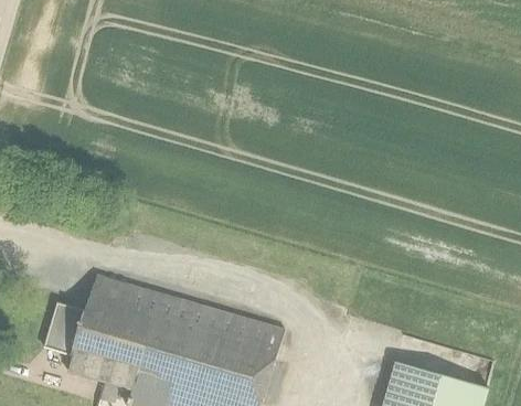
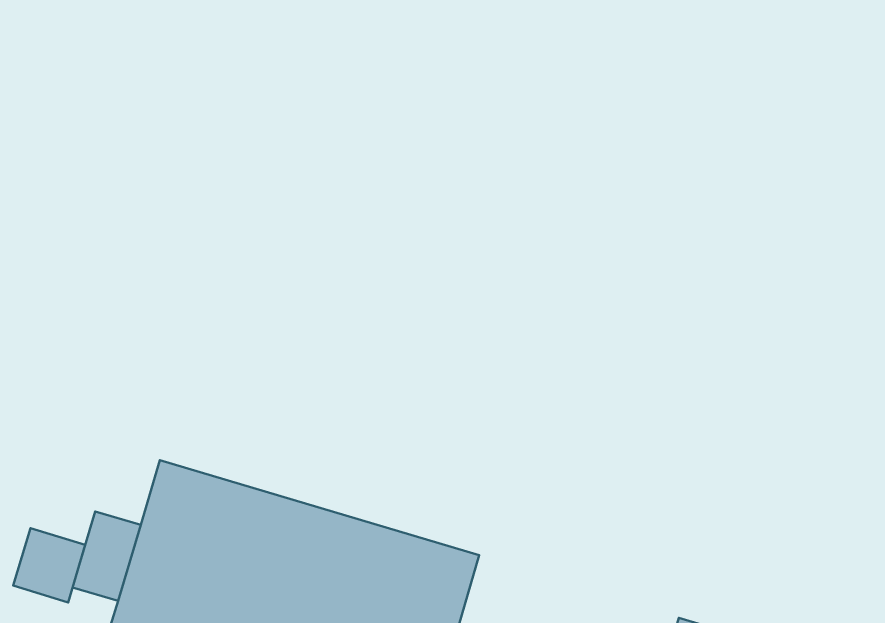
building: none -> [13,528,85,602]

